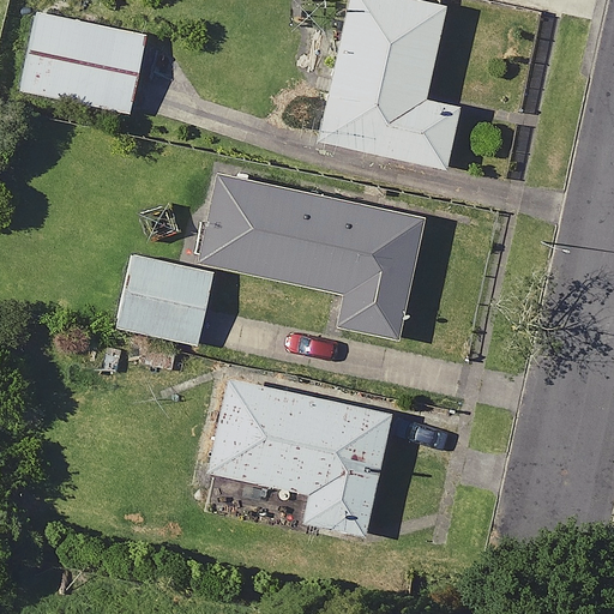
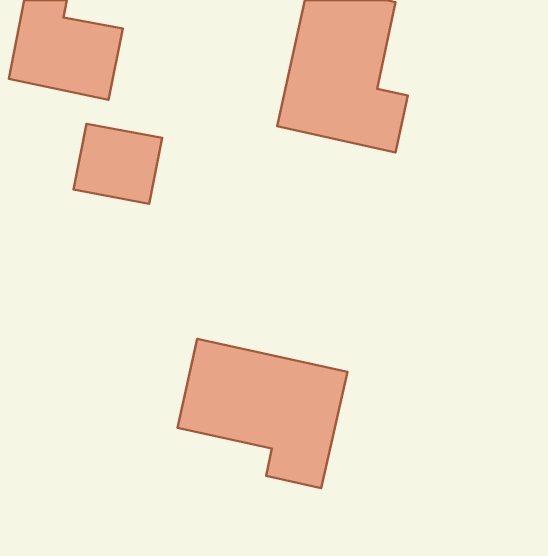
building: [197,170,426,342] -> none
building: [116,258,213,345] -> [73,124,162,204]

